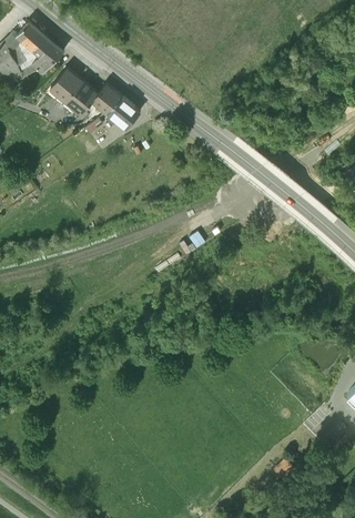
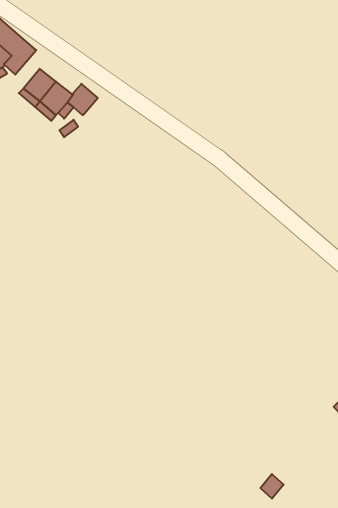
building: [108,97,139,126] -> none

